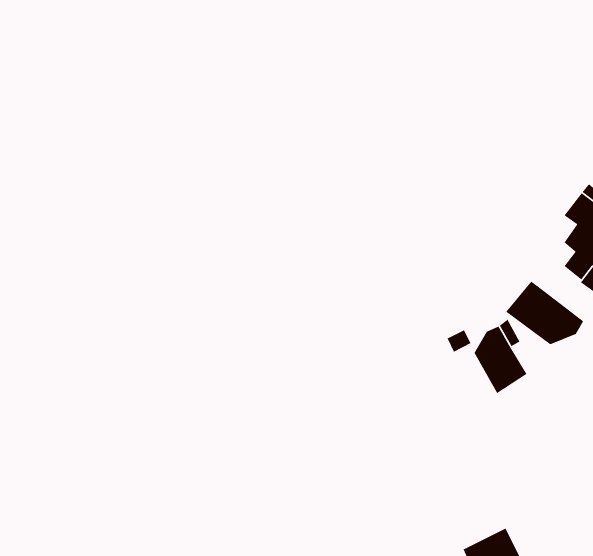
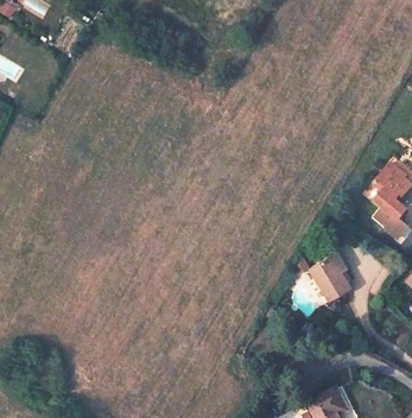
building: [505,280,584,345] -> none

